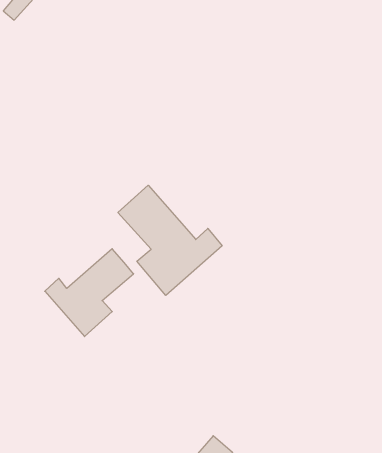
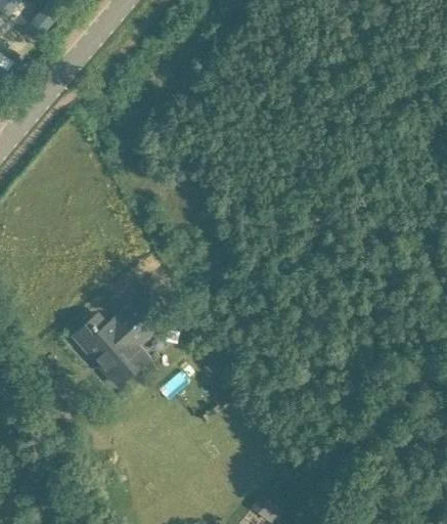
building: [118,185,222,295] -> none

